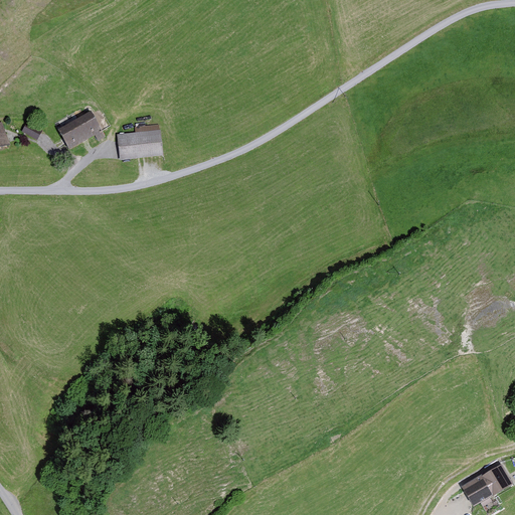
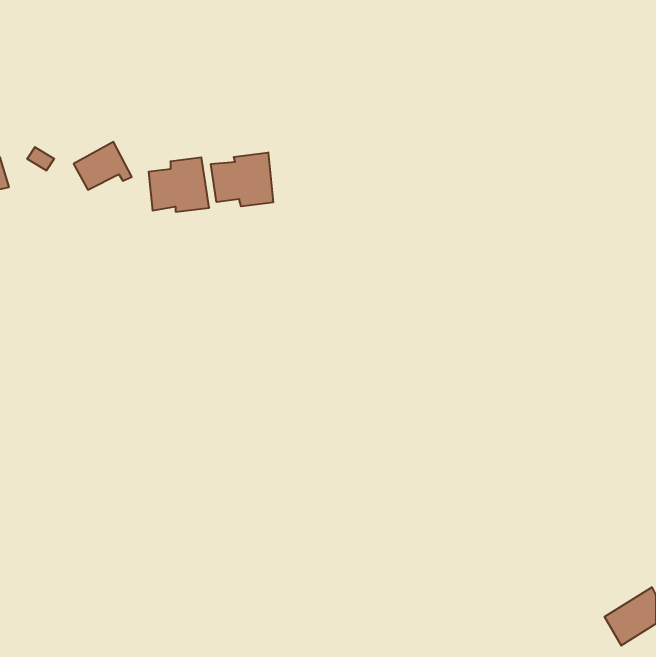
building: none -> [211,152,273,206]

